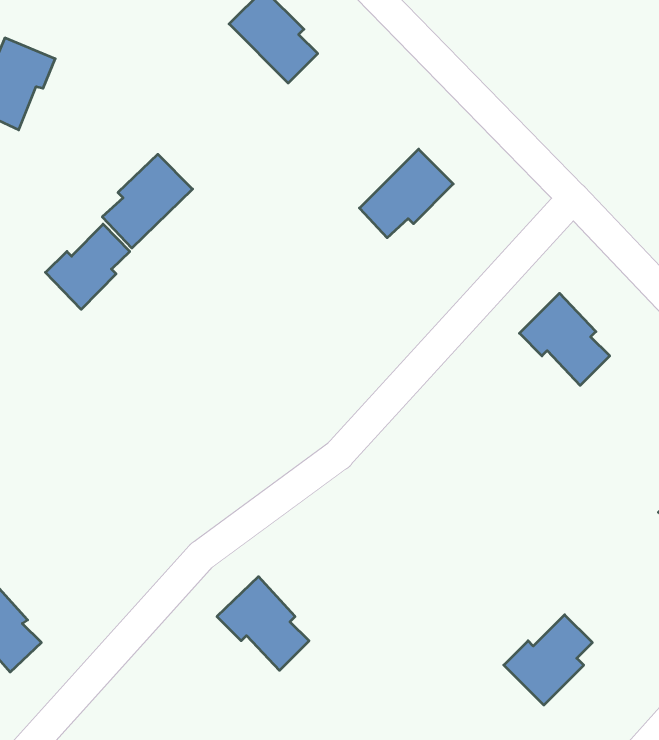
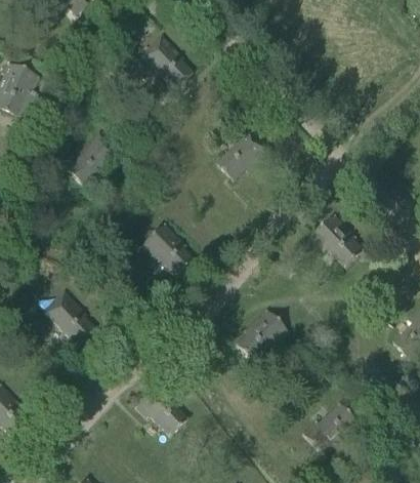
building: [45,224,130,309] -> none
building: none -> [139,223,193,276]
building: none -> [42,290,94,346]
building: none -> [235,309,288,361]

